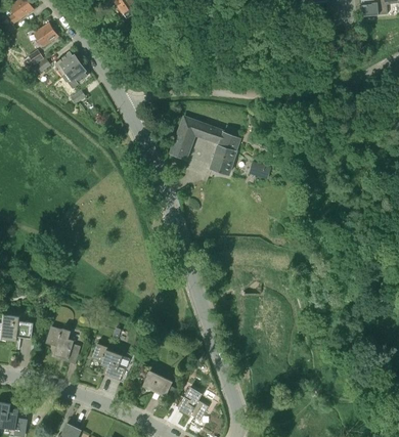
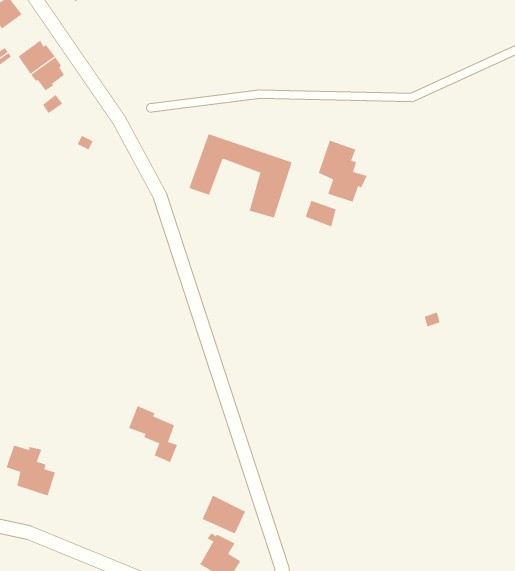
building: none -> [318,140,367,203]
building: [90,343,124,382] -> [128,406,178,463]
building: [142,370,172,397] -> [202,495,246,534]

